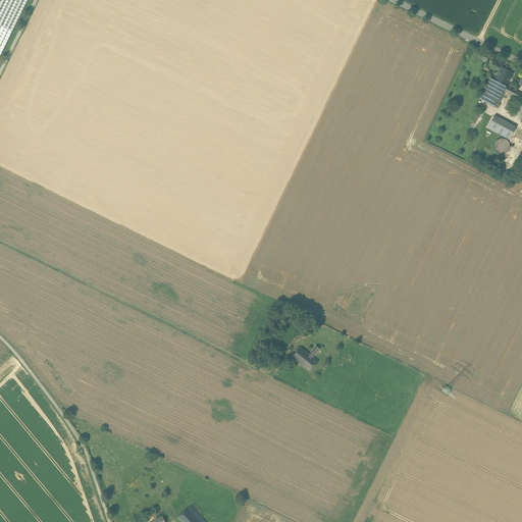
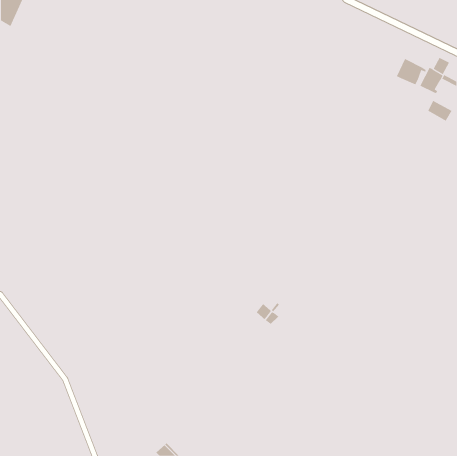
building: none -> [396,58,426,85]

